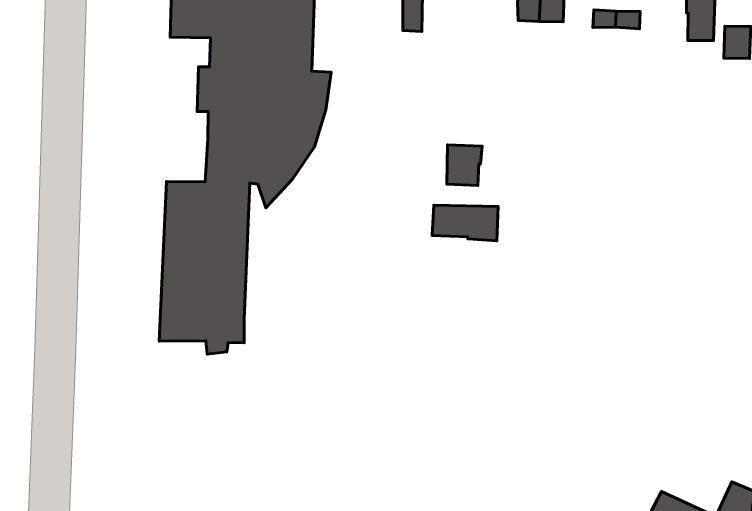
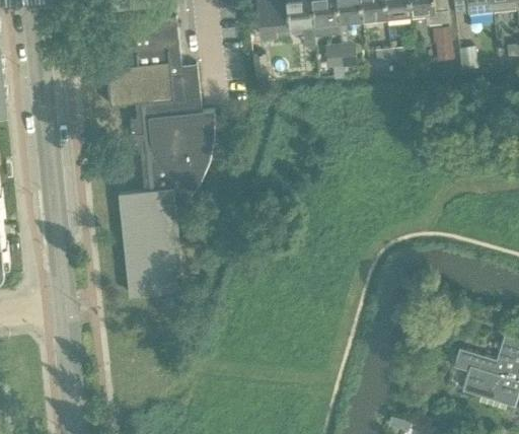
building: [447,145,482,186] -> none
building: [432,205,498,241] -> none

